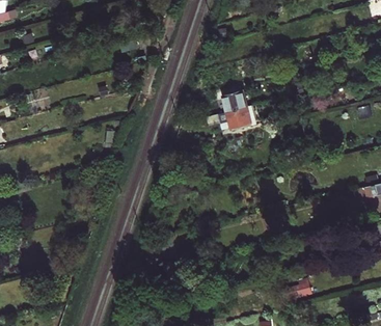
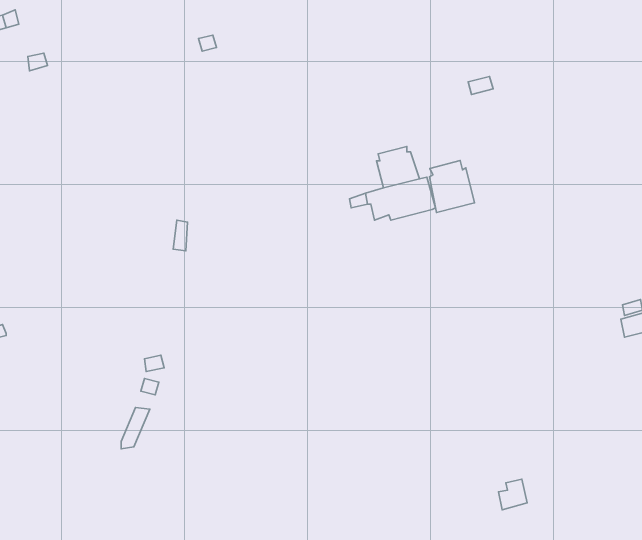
building: none -> [430,161,474,213]

